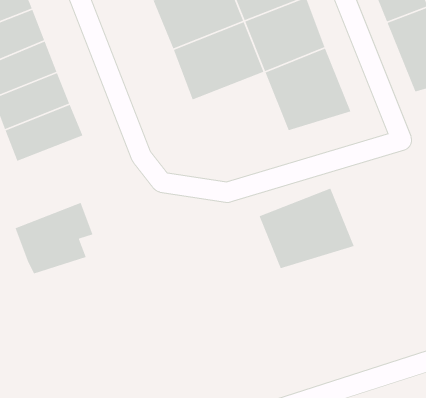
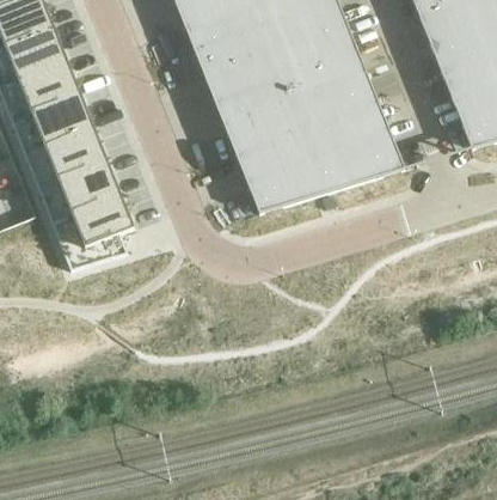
building: [259,188,355,269] -> [235,127,337,213]
building: [14,202,94,274] -> [50,194,134,270]

